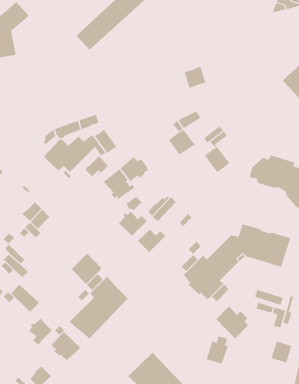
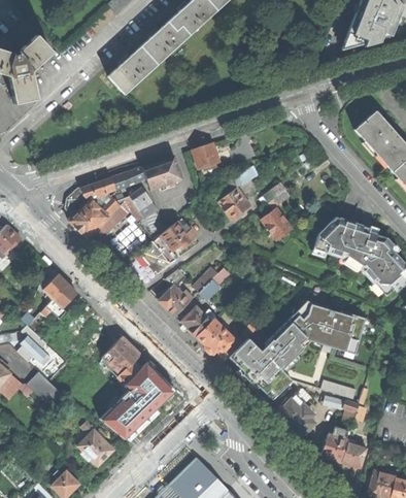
building: [184,66,206,89] -> [193,142,219,169]
building: none -> [142,156,182,190]
building: none -> [196,319,236,356]
building: [28,318,53,345] -> none
building: [206,335,228,365] -> [322,427,348,462]

